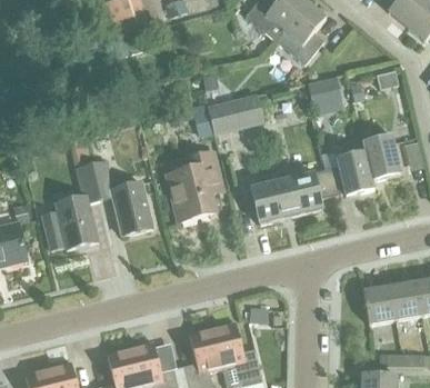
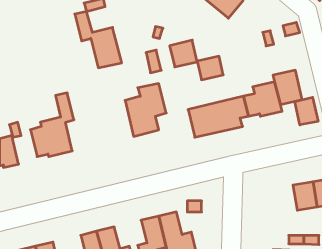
building: [307,76,341,107] -> [197,56,223,80]
building: [90,160,152,235] -> [75,12,122,68]
building: none -> [295,97,318,125]
building: [362,286,394,324] -> none

